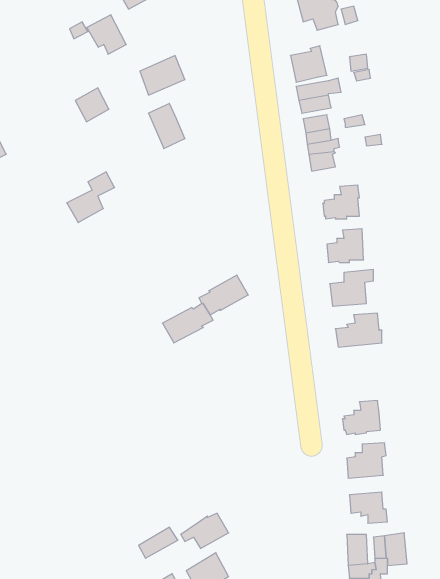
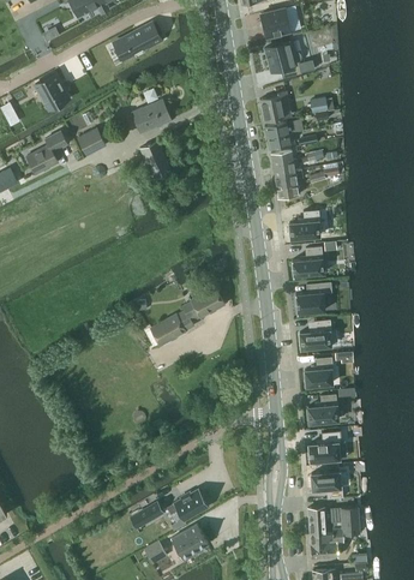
building: [87,15,126,54] -> [35,73,68,107]
building: [67,172,115,223] -> [26,131,67,174]
building: none -> [304,357,332,387]

